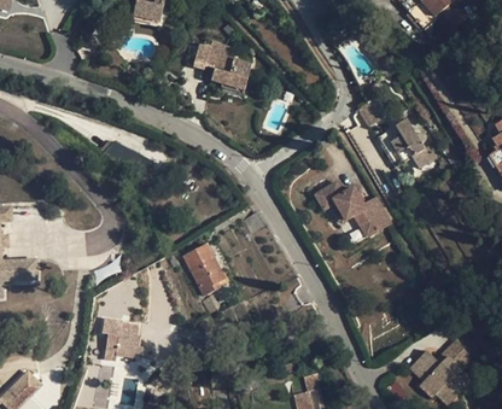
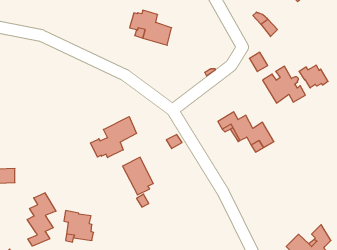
building: none -> [299,65,328,88]
building: none -> [91,117,137,158]
building: none -> [27,193,56,246]

